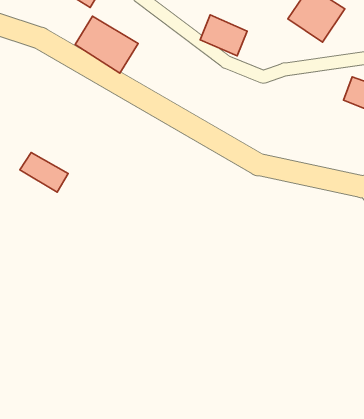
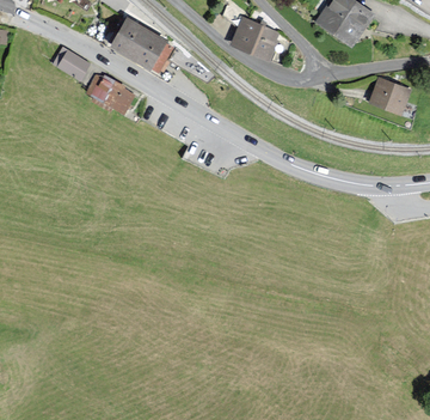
building: none -> [55,48,91,78]
building: [20,152,68,192] -> [87,74,134,112]

